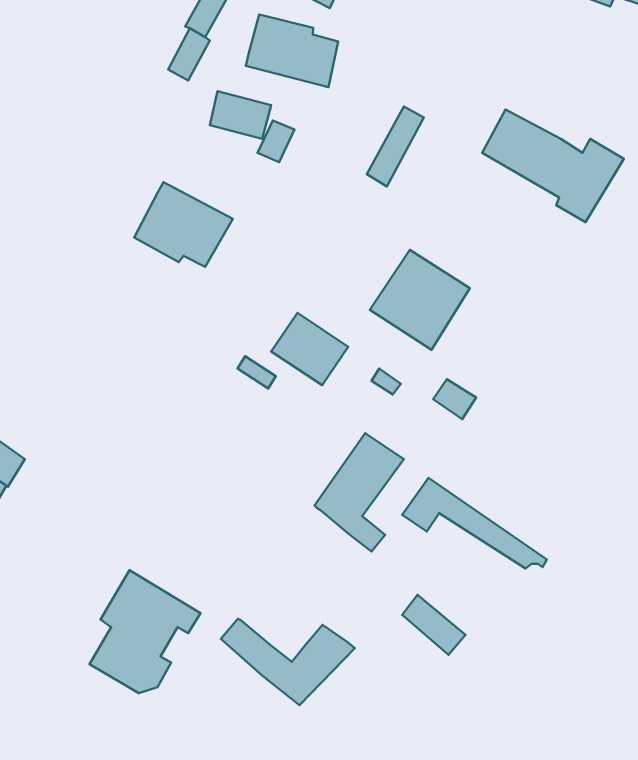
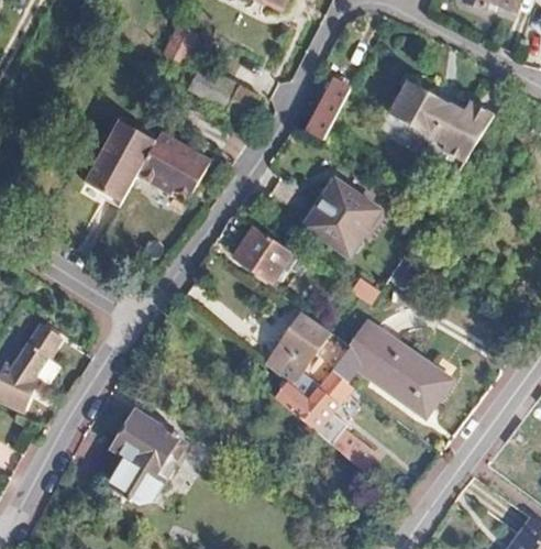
building: [246,15,338,87] -> none
building: none -> [84,119,156,207]
building: none -> [350,319,455,404]
building: [221,619,355,705] -> [258,367,354,429]

